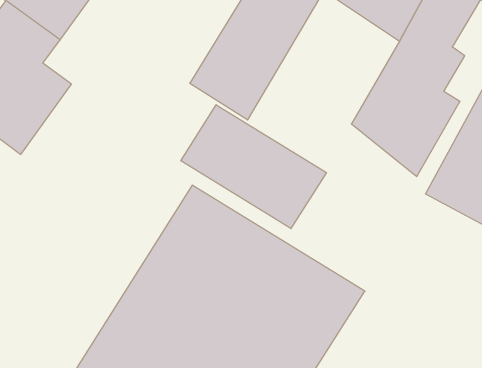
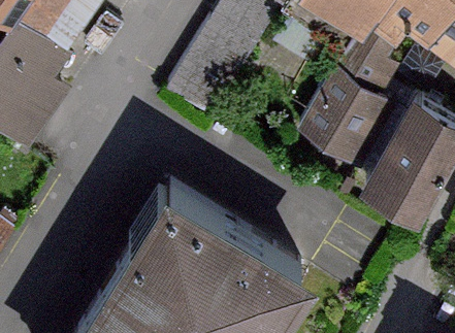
building: [181,105,326,229] -> none

